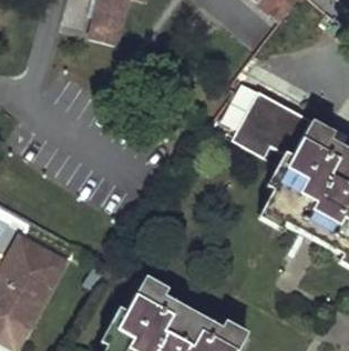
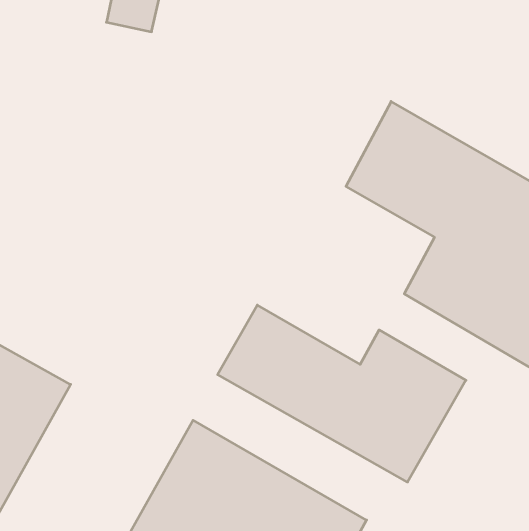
building: none -> [218,305,466,482]

